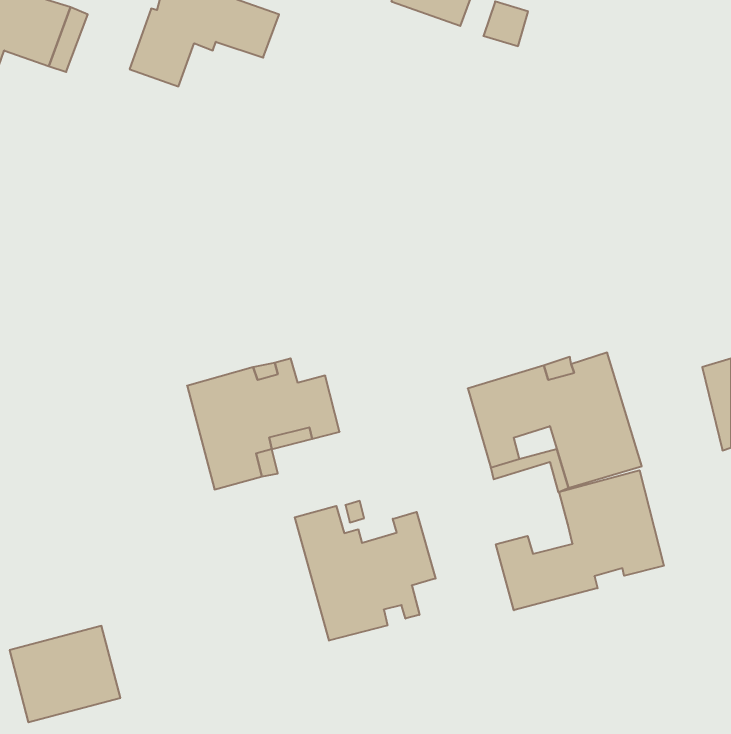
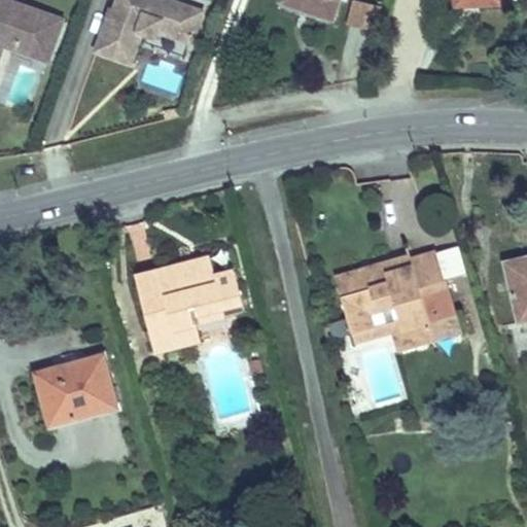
building: [496,470,664,610] -> none
building: [295,506,436,641] -> none
building: [10,626,120,722] -> [36,355,115,424]

